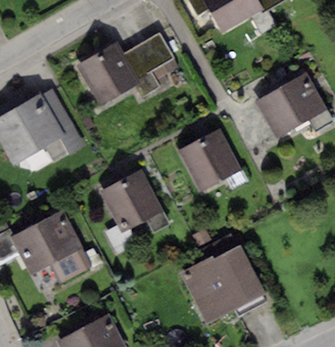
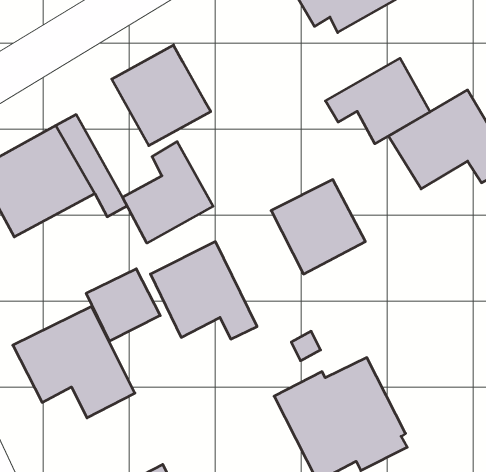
building: [121,33,172,79] -> none
building: none -> [325,58,430,144]
building: none -> [123,142,213,243]
building: none -> [86,269,160,341]

